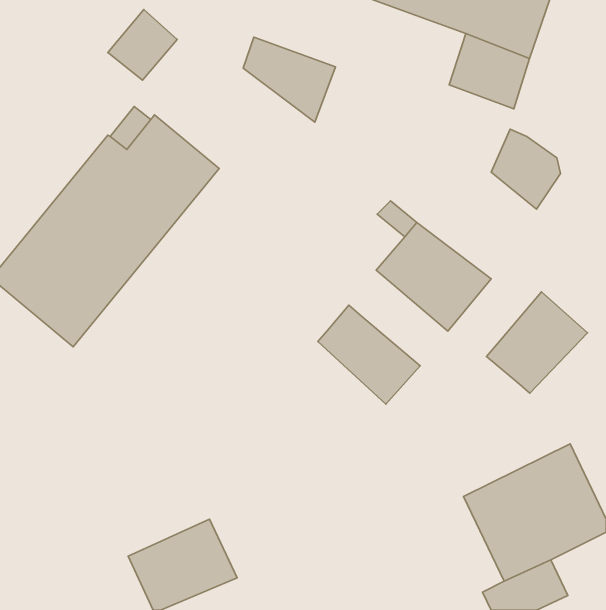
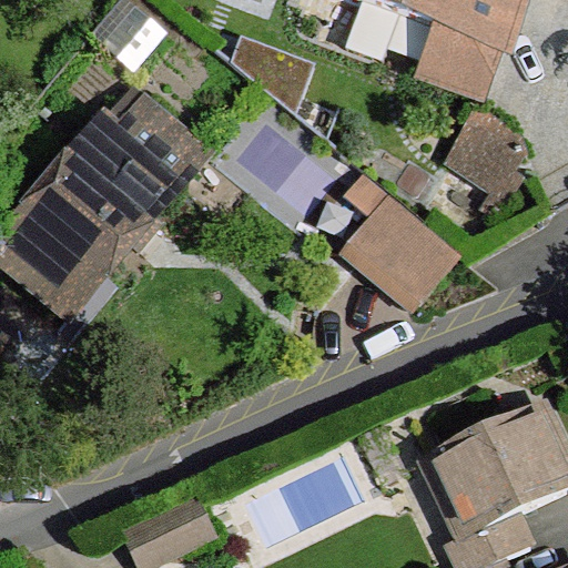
building: [487,292,588,393] -> none
building: [318,305,420,404] -> none

